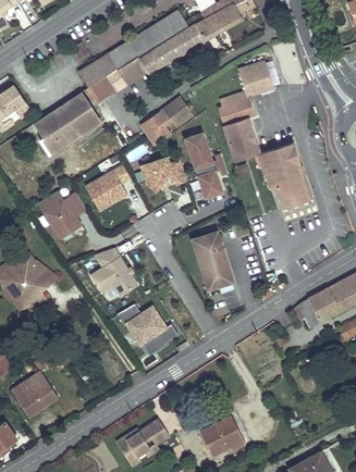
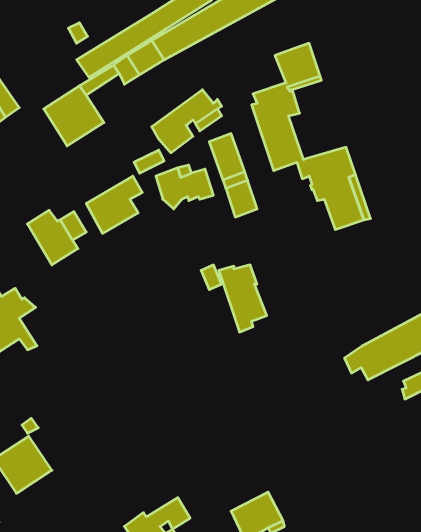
building: [36,112,71,156] -> none
building: [89,248,136,294] -> none
building: [119,303,177,356] -> none

